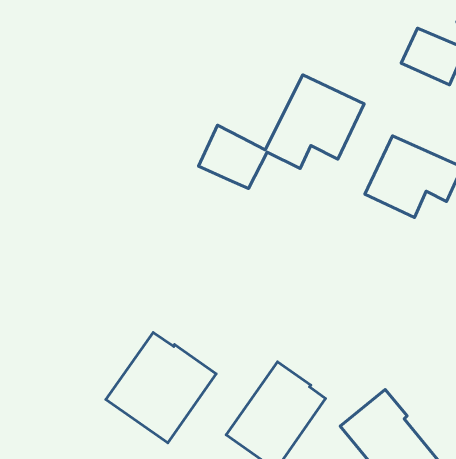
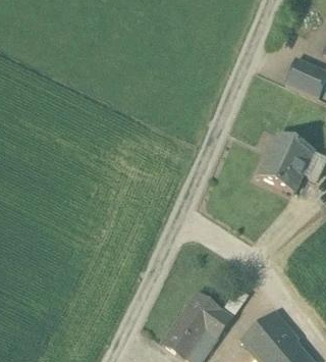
building: [198,75,364,188] -> none
building: [106,332,216,443] -> none

